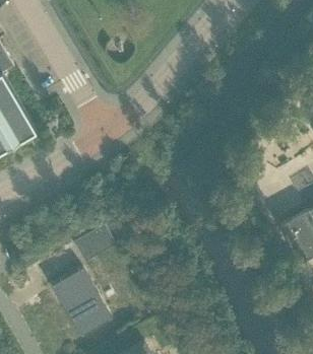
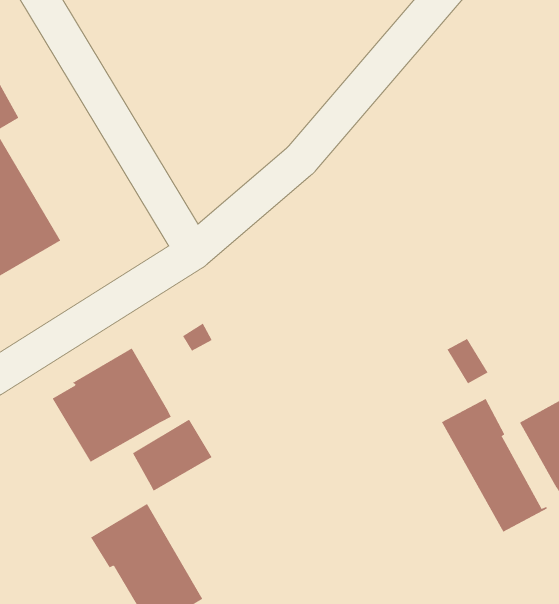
building: none -> [52,347,171,463]
building: none -> [441,398,548,533]

